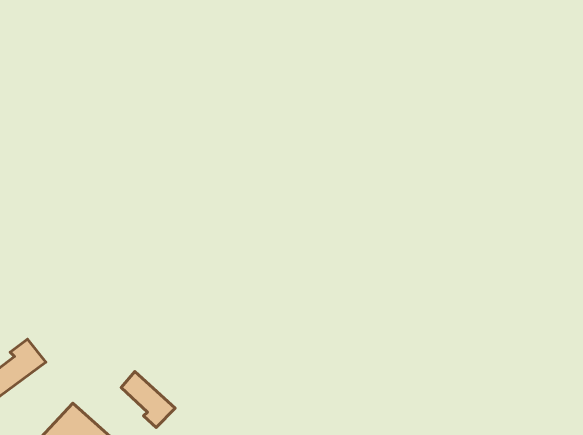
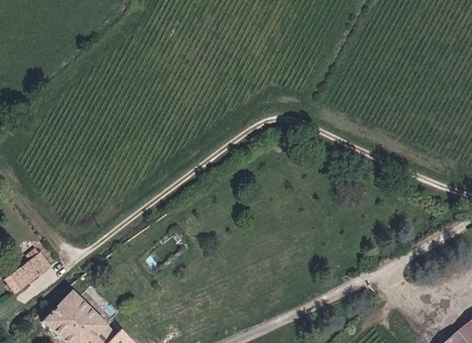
building: [121,372,175,427] -> none

